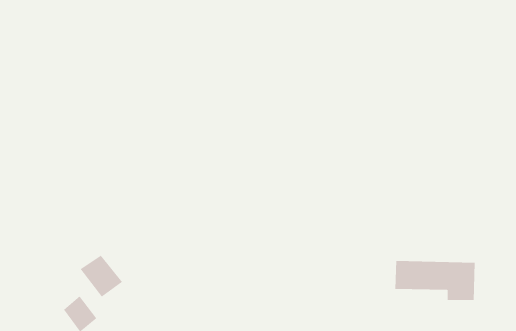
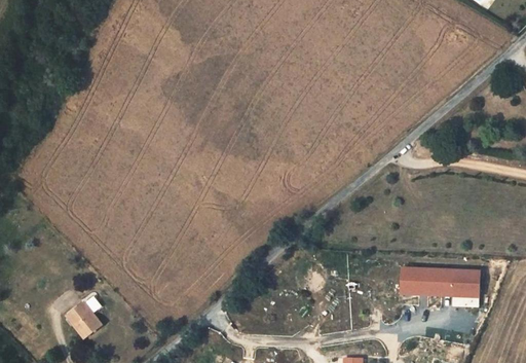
building: [80,255,123,297] -> none

